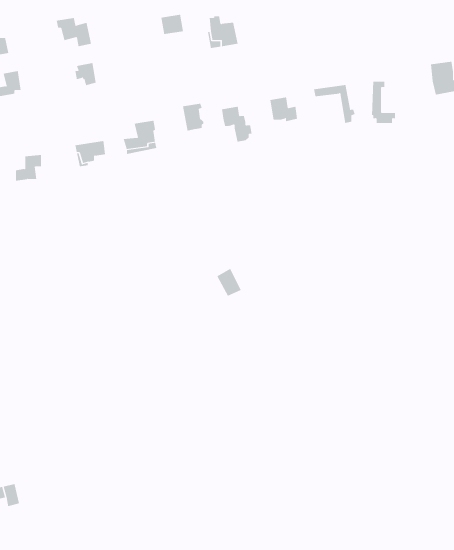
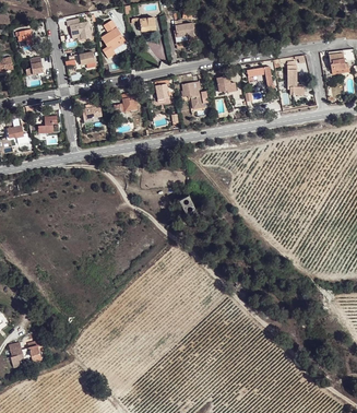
building: none -> [102,20,126,58]

